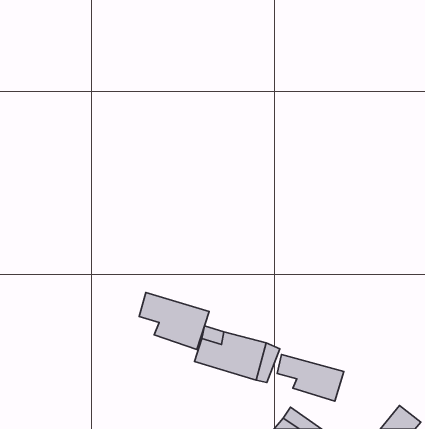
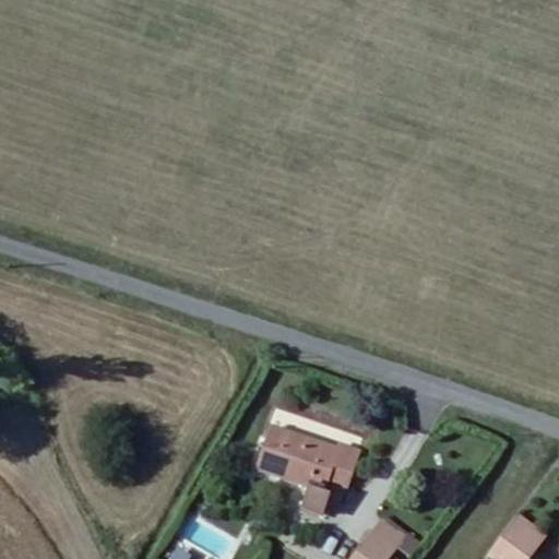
building: [139,292,209,349] -> none
building: [277,355,344,401] -> none

